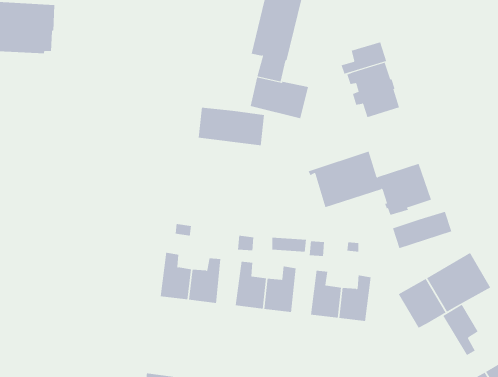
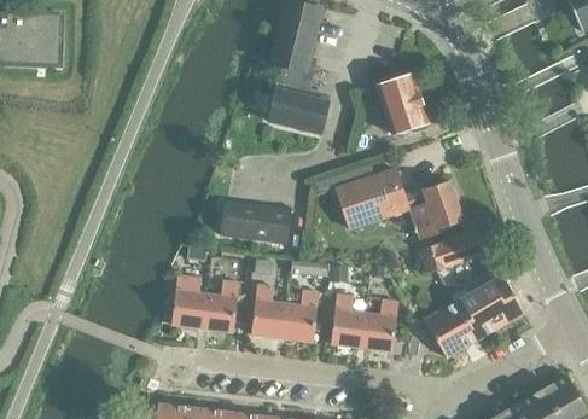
building: [341,42,387,75] -> none
building: [198,107,265,146] -> [220,202,291,243]
building: [442,304,478,356] -> none

